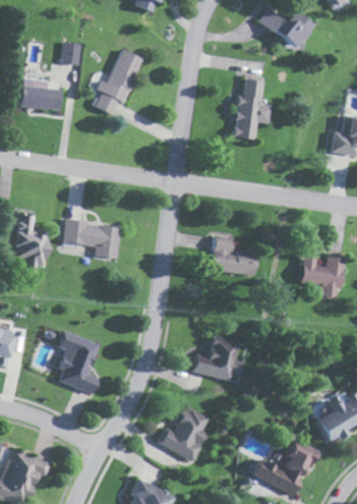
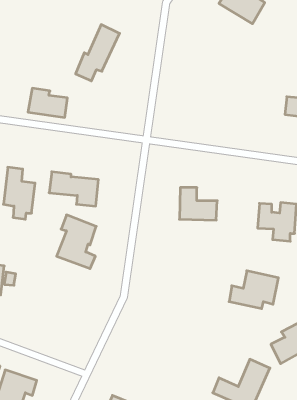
building: [61,42,81,65] -> none
building: [15,78,61,112] -> [28,88,67,117]
building: [234,78,272,141] -> none
building: [52,330,98,392] -> [57,215,96,269]
building: [191,335,248,379] -> [229,271,278,309]
building: [159,406,210,458] -> none

